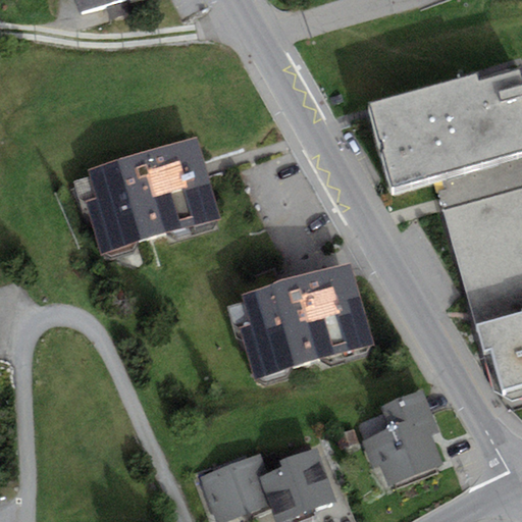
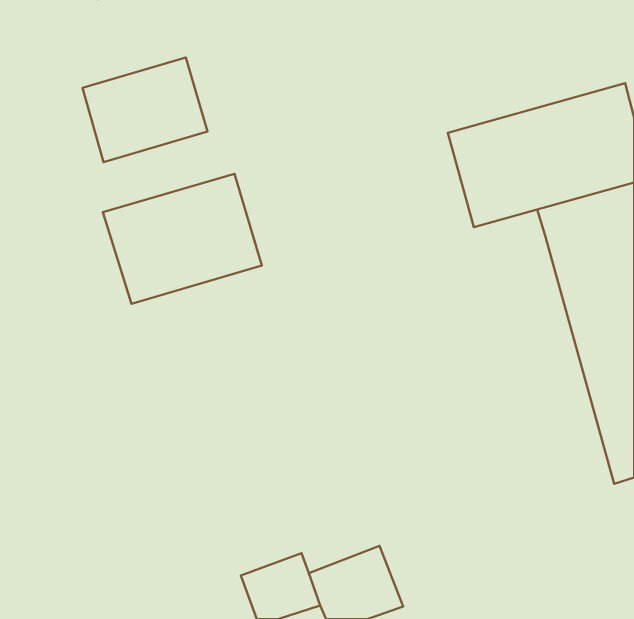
building: none -> [83,57,207,162]
building: [239,267,373,377] -> none
building: [369,389,436,477] -> none

